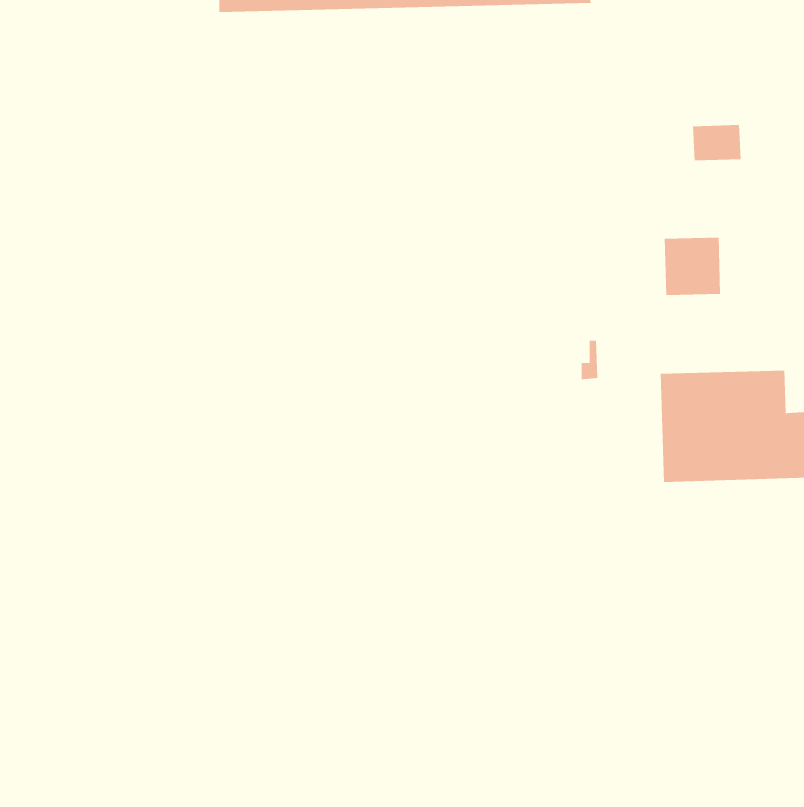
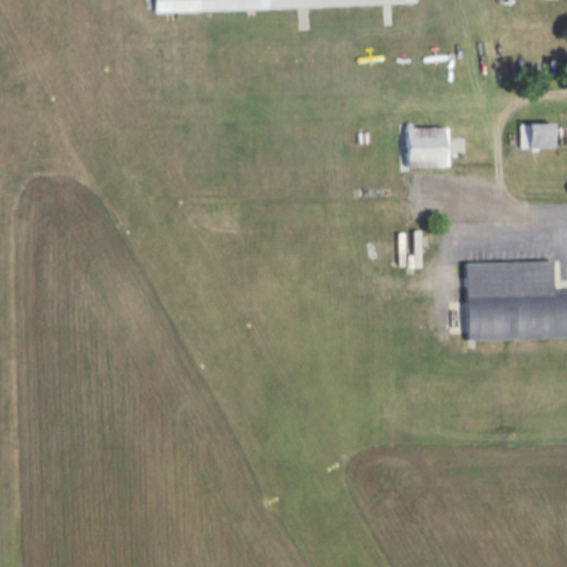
building: [692,125,741,161] -> [520,122,555,147]
building: [664,237,721,296] -> [406,125,446,166]

